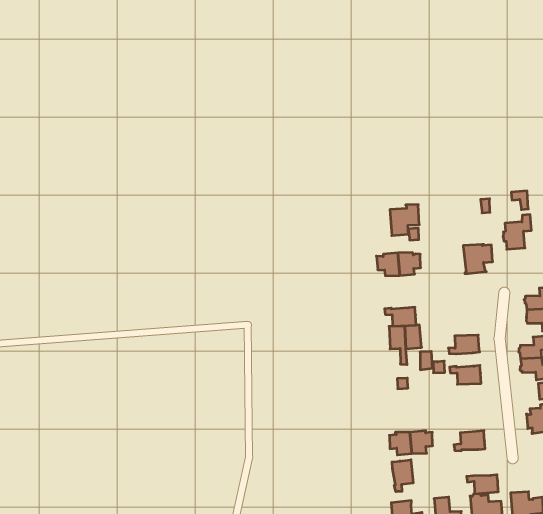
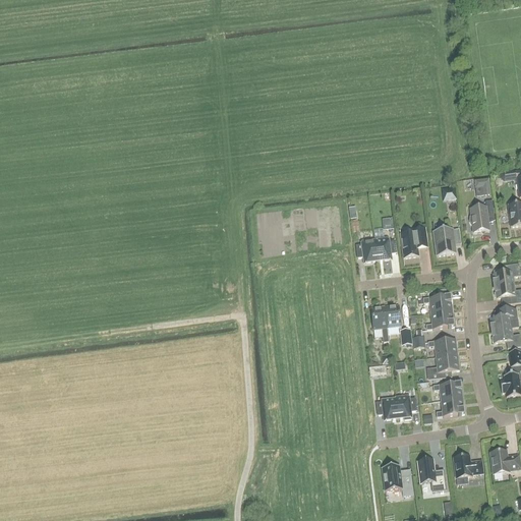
building: [390,205,419,236] -> [400,226,427,255]
building: [385,307,416,326] -> [422,292,452,310]
building: none -> [426,352,459,377]
building: [392,460,413,492] -> none
building: [467,475,498,494] -> [432,380,462,398]

